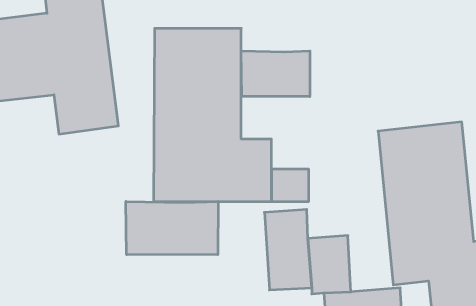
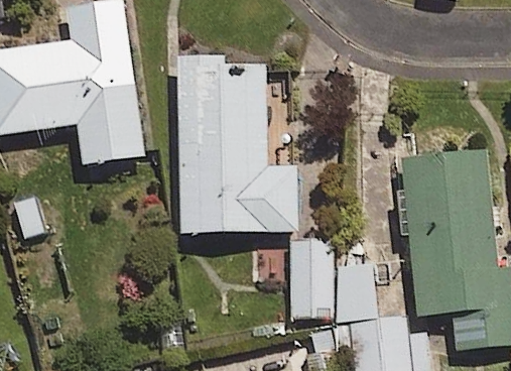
building: [241,51,310,97] -> none
building: [126,201,218,255] -> none

